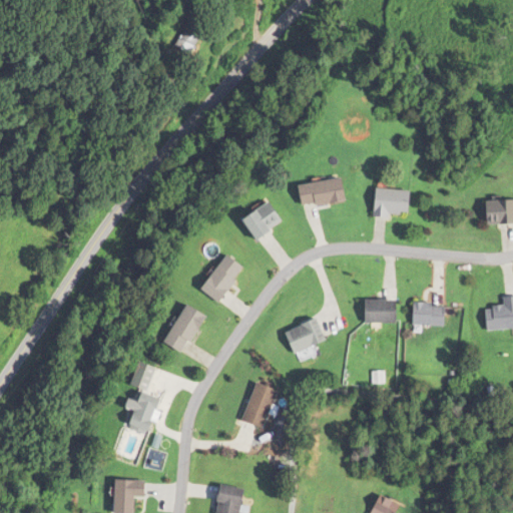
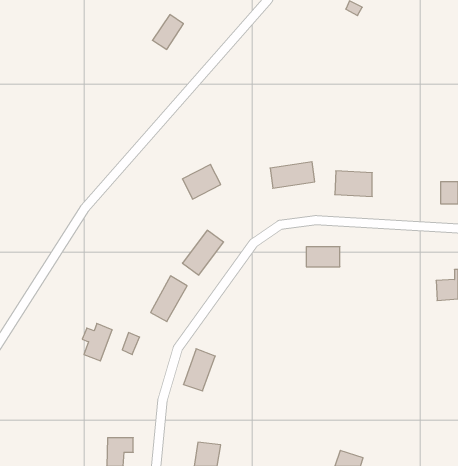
building: [243,201,286,239] -> [182,164,221,199]
building: [360,300,397,322] -> [306,247,340,267]
building: [407,304,445,325] -> none
building: [280,319,323,354] -> none
building: [238,382,274,428] -> [183,349,215,391]
building: [128,392,161,433] -> [82,323,112,361]

